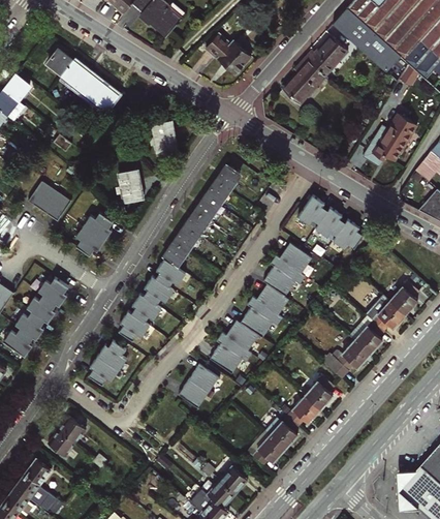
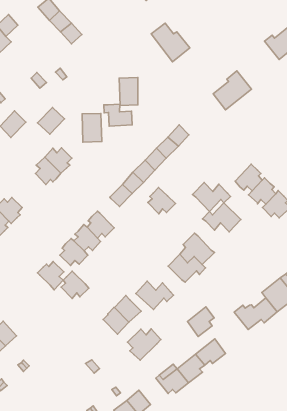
building: [206,32,251,73] -> [151,23,190,62]
building: [283,57,324,102] -> [213,71,251,110]
building: [89,84,117,110] -> none
building: none -> [104,104,132,126]
building: [42,191,71,221] -> [38,108,64,134]
building: [155,260,186,288] -> [148,188,176,214]
building: [263,266,306,298] -> [193,182,231,211]
building: [217,320,258,353] -> none
building: [88,356,119,386] -> [61,271,89,298]
building: [306,375,335,409] -> [188,307,214,337]
building: none -> [127,329,161,360]

